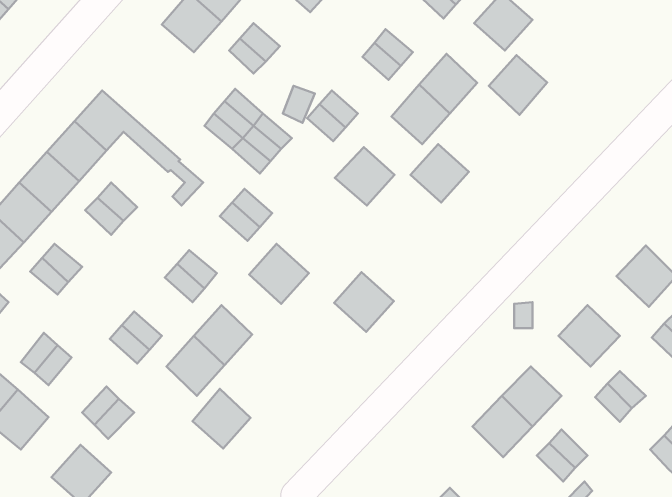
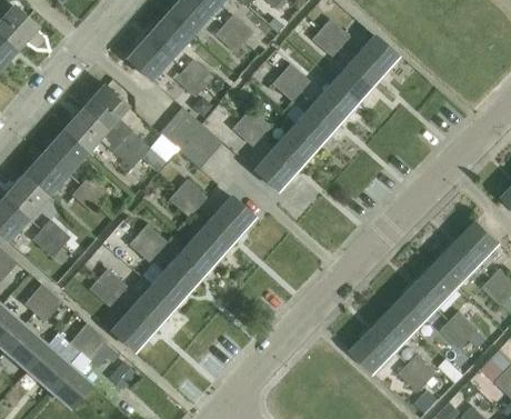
building: [489,55,547,115] -> [333,59,375,102]
building: none -> [83,84,149,158]
building: [411,144,469,202] -> [273,127,315,169]
building: [334,272,394,332] -> [210,197,253,240]
building: none -> [170,241,213,285]
building: none -> [435,242,480,286]
building: none -> [394,286,438,329]
building: [192,389,251,449] -> [110,308,152,351]
building: none -> [24,345,68,388]

